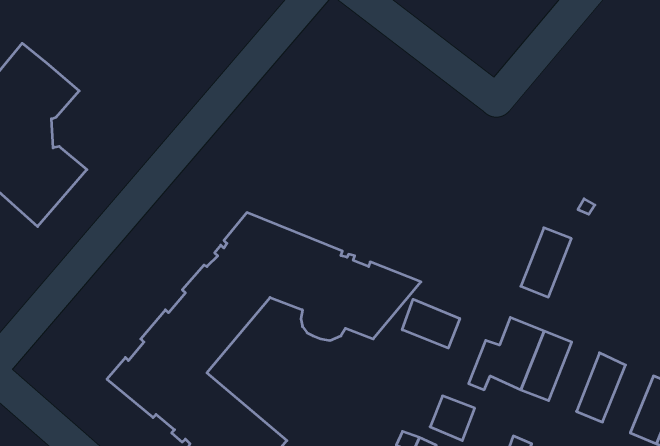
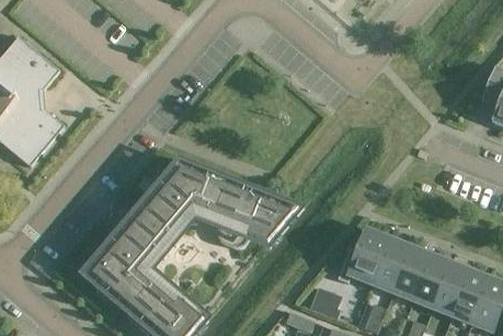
building: [521,228,571,297] -> [393,247,430,297]
building: [402,299,460,348] -> none
building: none -> [432,264,468,312]

